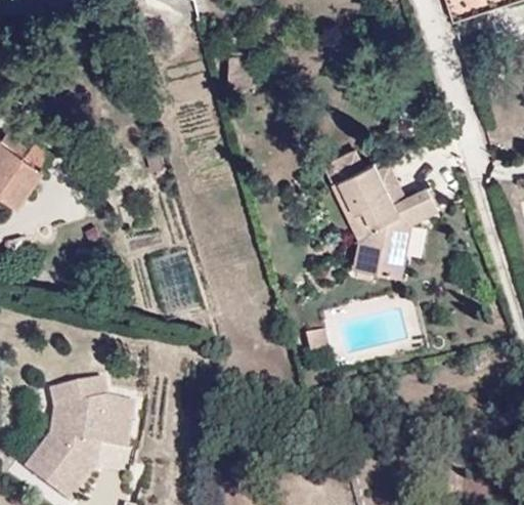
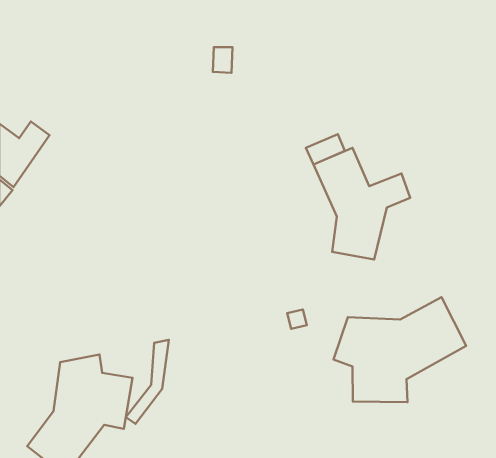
building: none -> [333,297,466,402]
building: [21,385,67,473] -> [126,340,169,424]

